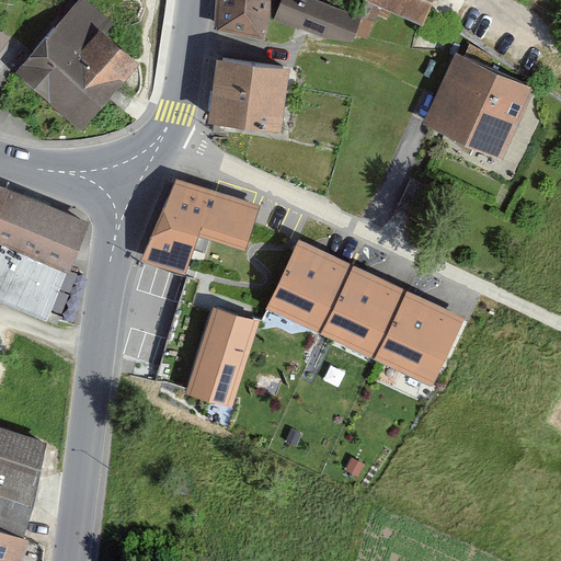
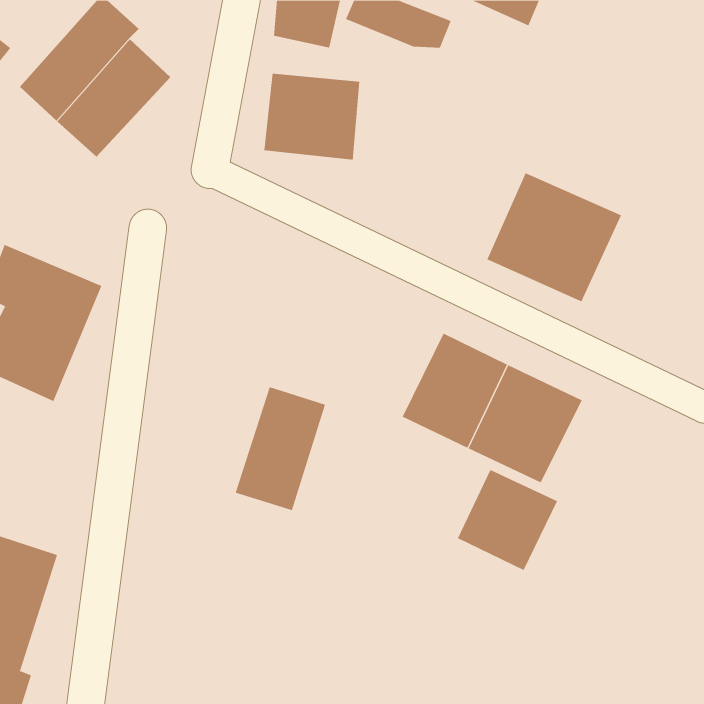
building: [424,54,531,157] -> [486,173,622,302]
building: [142,180,257,273] -> none
building: [266,240,352,332] -> none
building: none -> [457,469,558,571]

